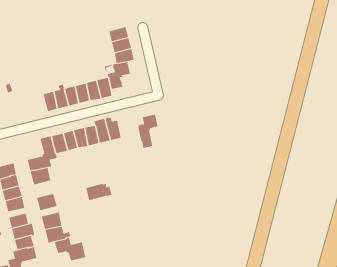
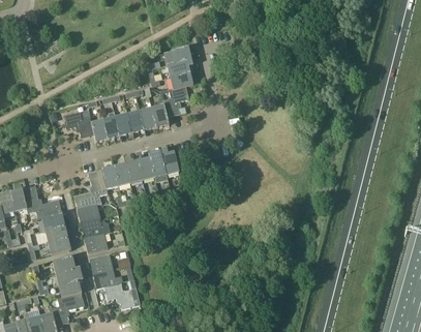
building: none -> [63,111,94,138]
building: [138,114,158,149] -> none
building: [86,183,112,201] -> [81,218,111,238]

